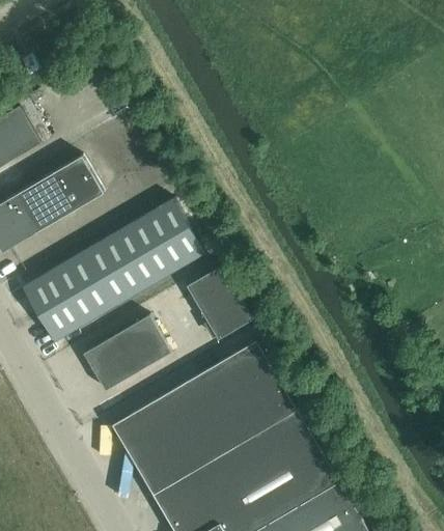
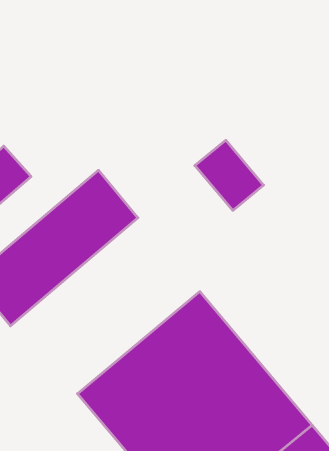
building: [186,267,253,340] -> [195,140,264,210]
building: [83,316,170,392] -> none

